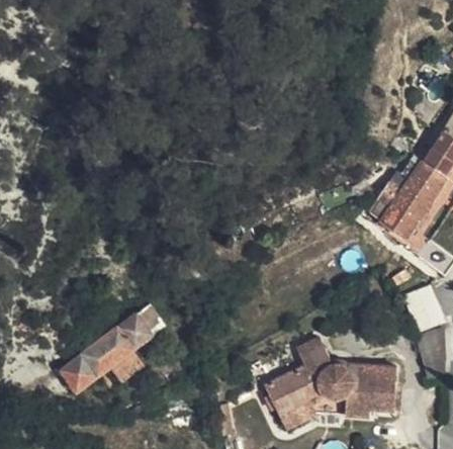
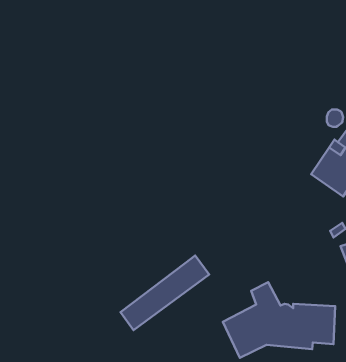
building: [63,303,167,391] -> [121,255,209,330]

